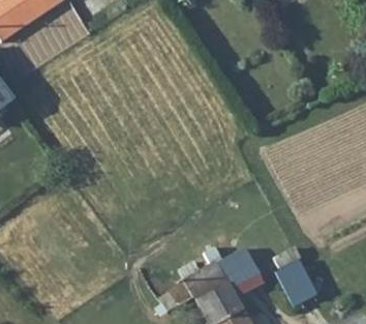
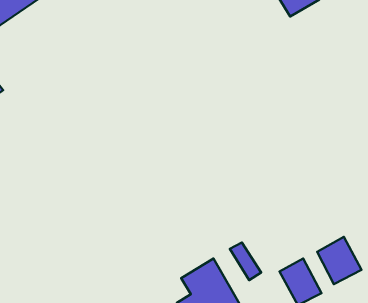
building: none -> [317,237,362,284]

